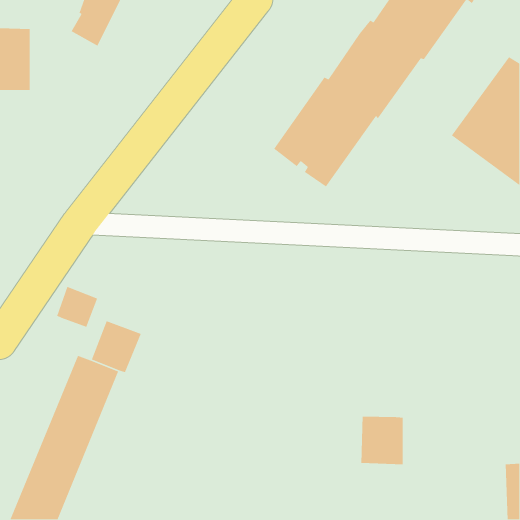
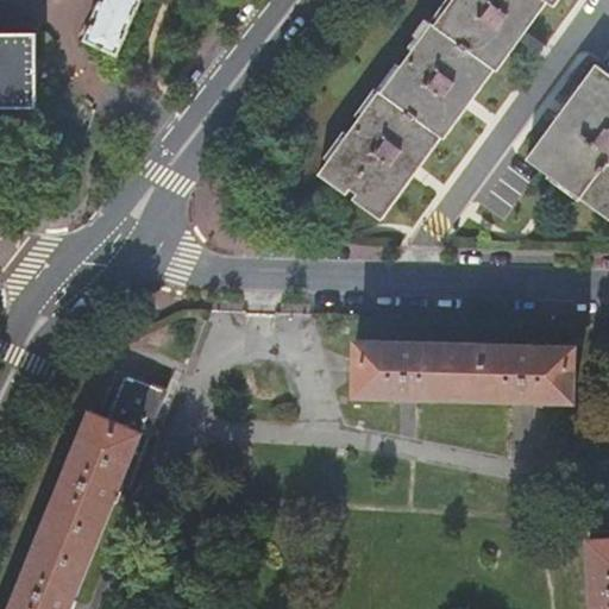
building: [56,286,98,328] -> none
building: none -> [353,341,575,401]
building: [361,416,404,465] -> none

